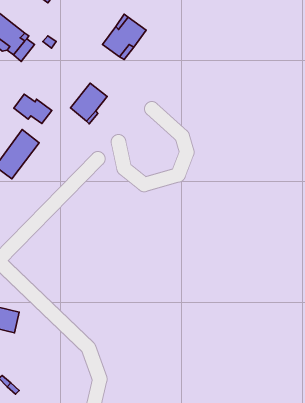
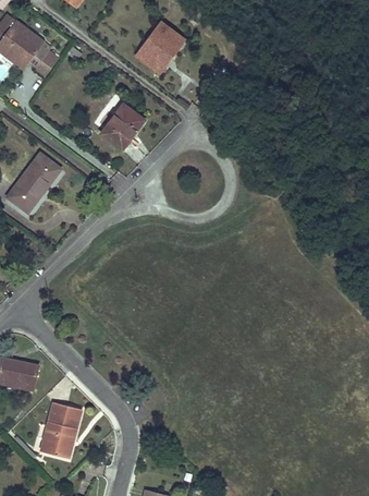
building: [14,94,52,124] -> none
building: none -> [42,403,83,457]

